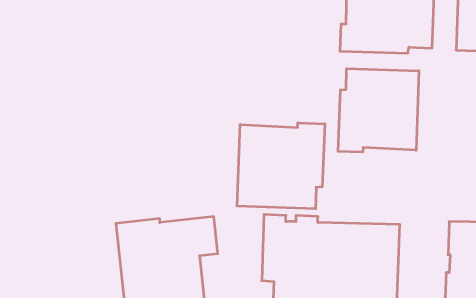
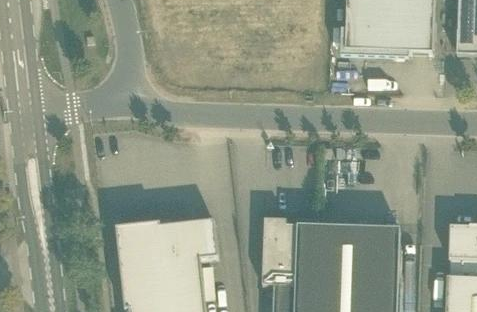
building: [338,69,419,152] -> none
building: [237,123,325,209] -> none

